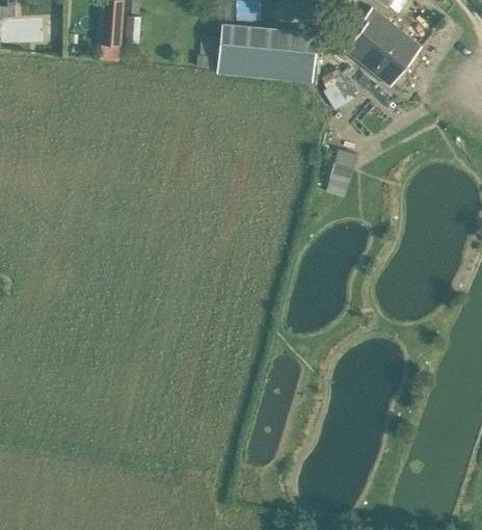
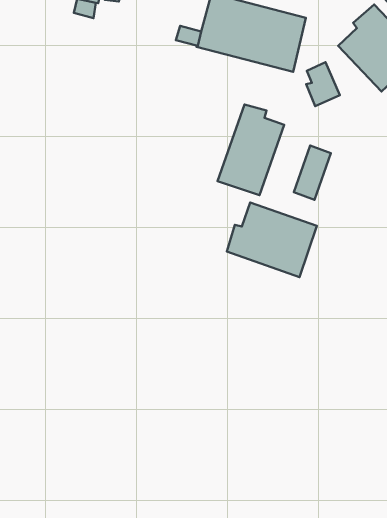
building: none -> [217,104,284,195]
building: none -> [227,202,317,277]

